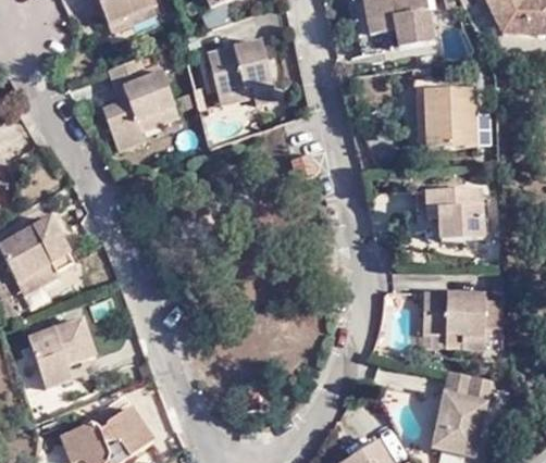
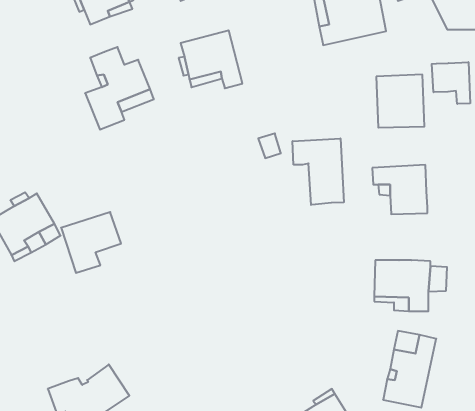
building: none -> [432,62,470,104]
building: none -> [293,138,344,205]
building: [29,320,96,387] -> [61,212,121,273]

